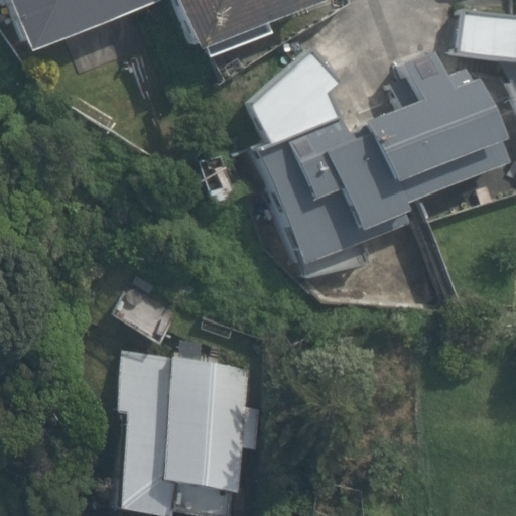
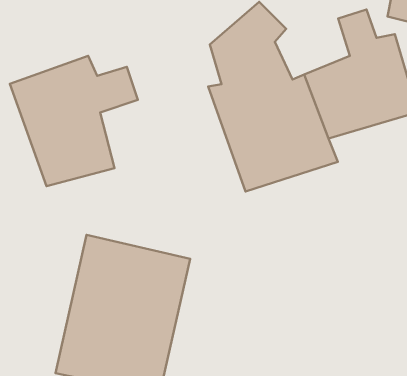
building: none -> [10,56,138,186]

